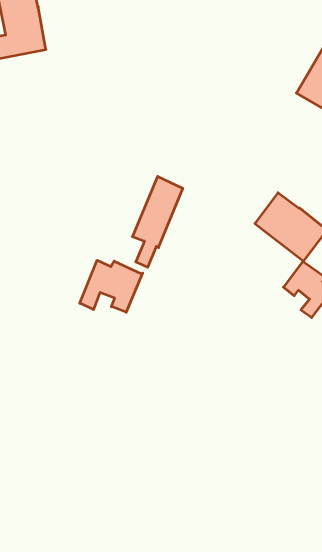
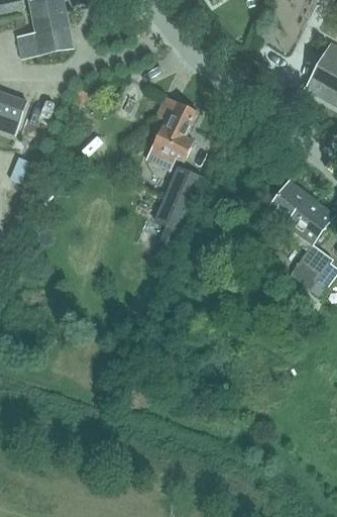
building: none -> [146,96,197,168]
building: [80,260,143,312] -> none

